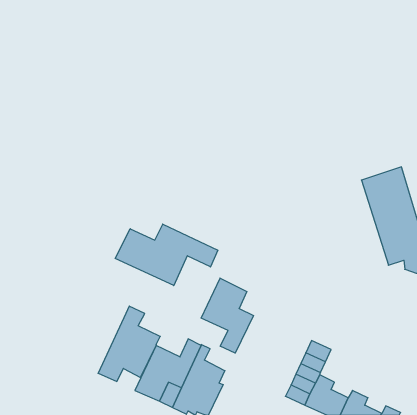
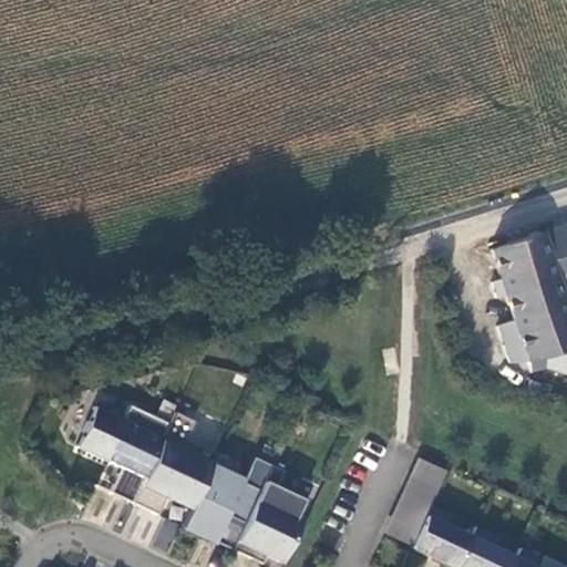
building: [115,224,218,286] -> none
building: [201,278,254,353] -> none
building: none -> [79,406,172,505]

